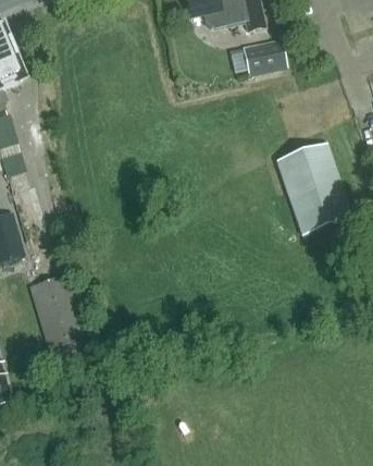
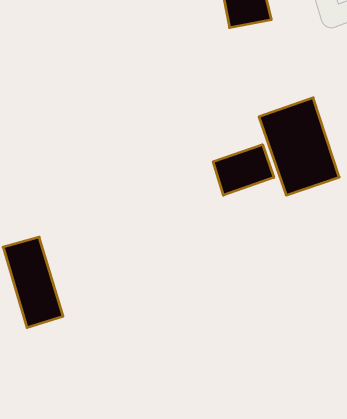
building: none -> [213,145,274,195]

